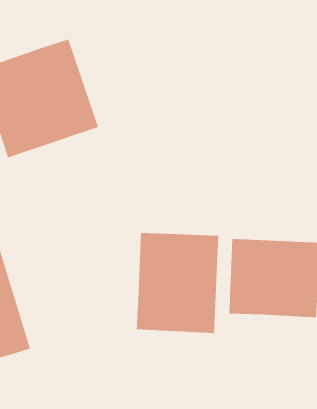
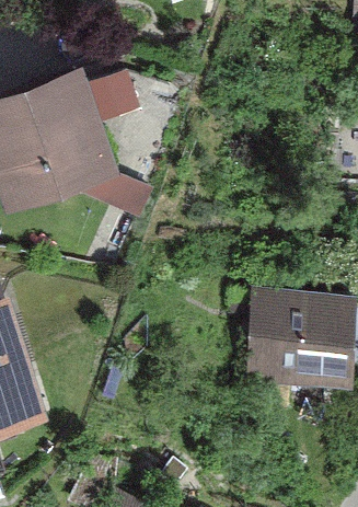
building: [136,232,219,334] -> none

